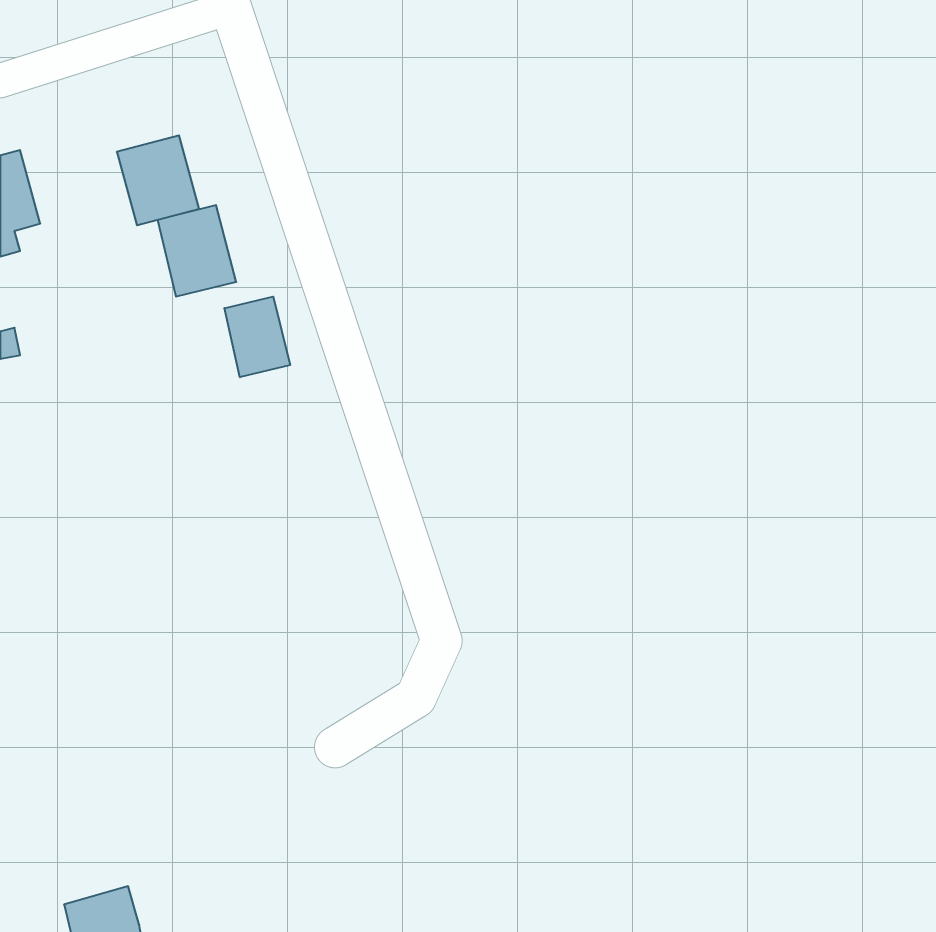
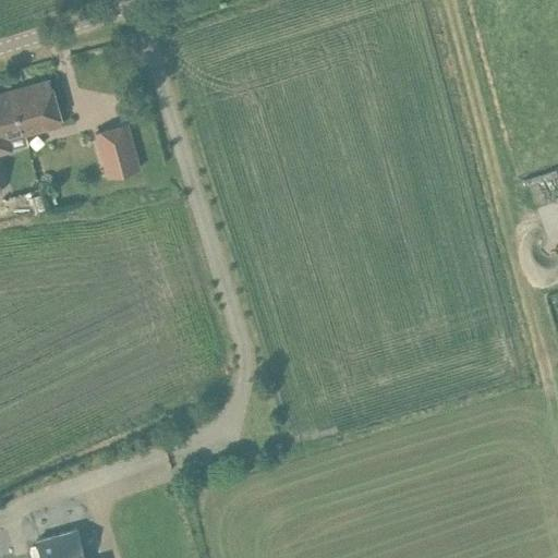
building: [117,135,199,225] -> [12,82,61,135]
building: [224,297,290,377] -> none

